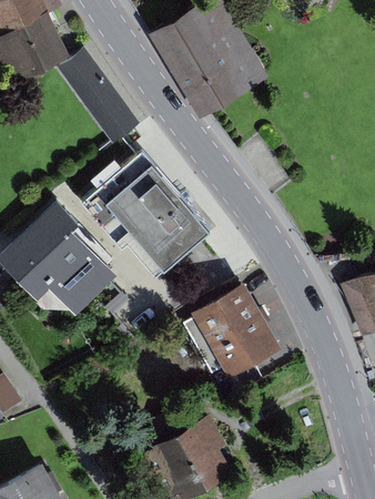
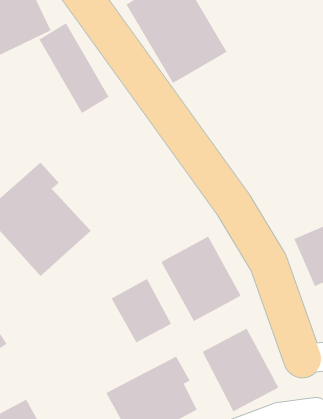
building: [83,151,212,276] -> none
building: none -> [111,278,172,343]
building: none -> [202,328,279,412]

